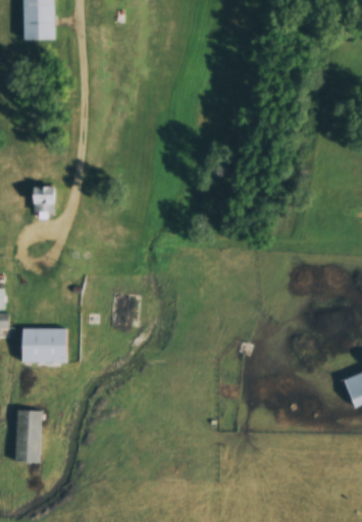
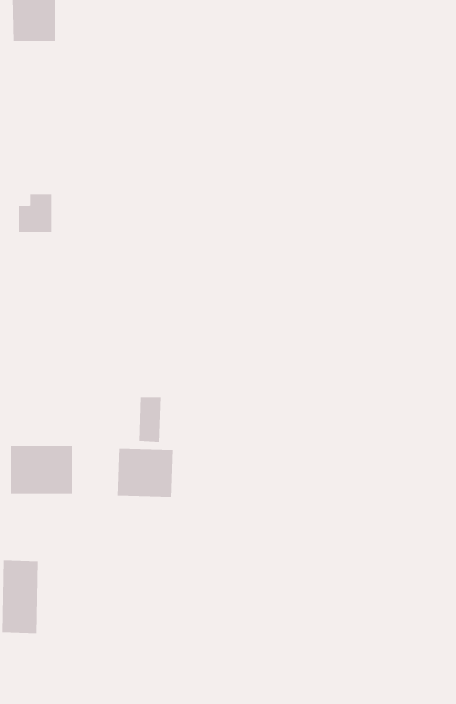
building: [32,186,56,213] -> [18,194,52,232]
building: none -> [117,448,173,498]

